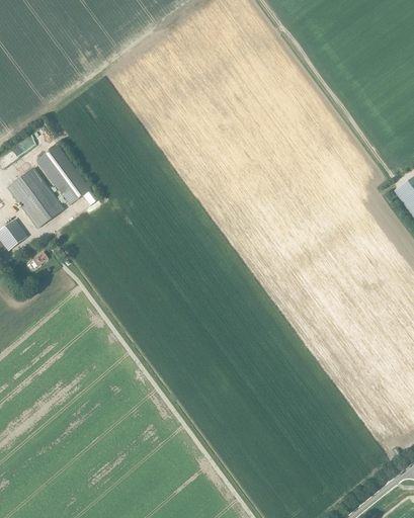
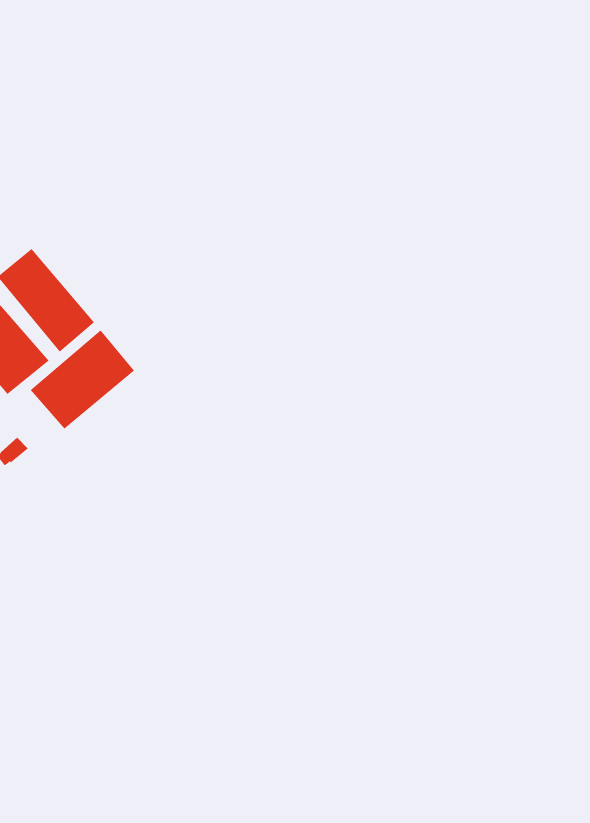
building: none -> [30,329,135,429]

